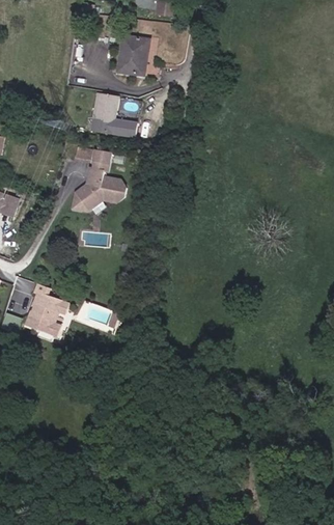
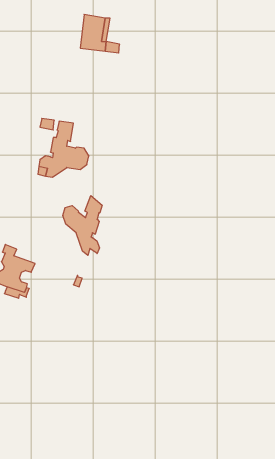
building: [92,93,139,137] -> none
building: none -> [63,196,102,255]

